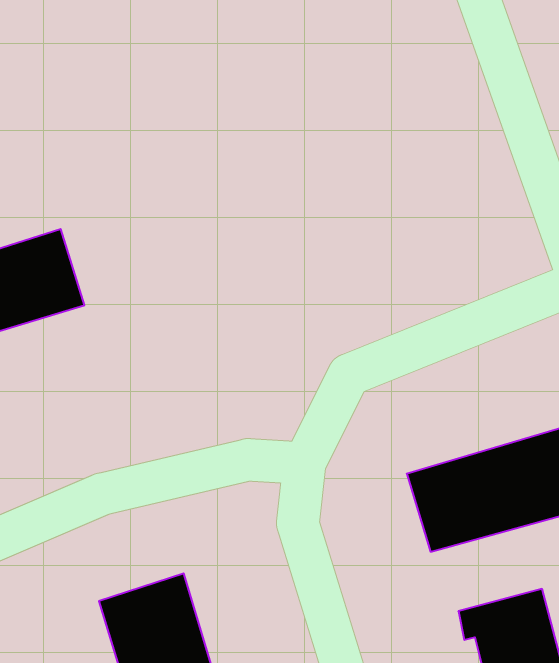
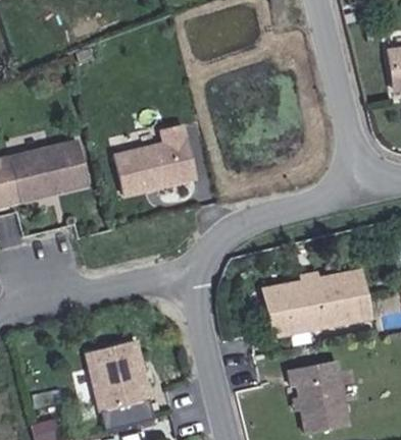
building: none -> [115,125,195,194]

